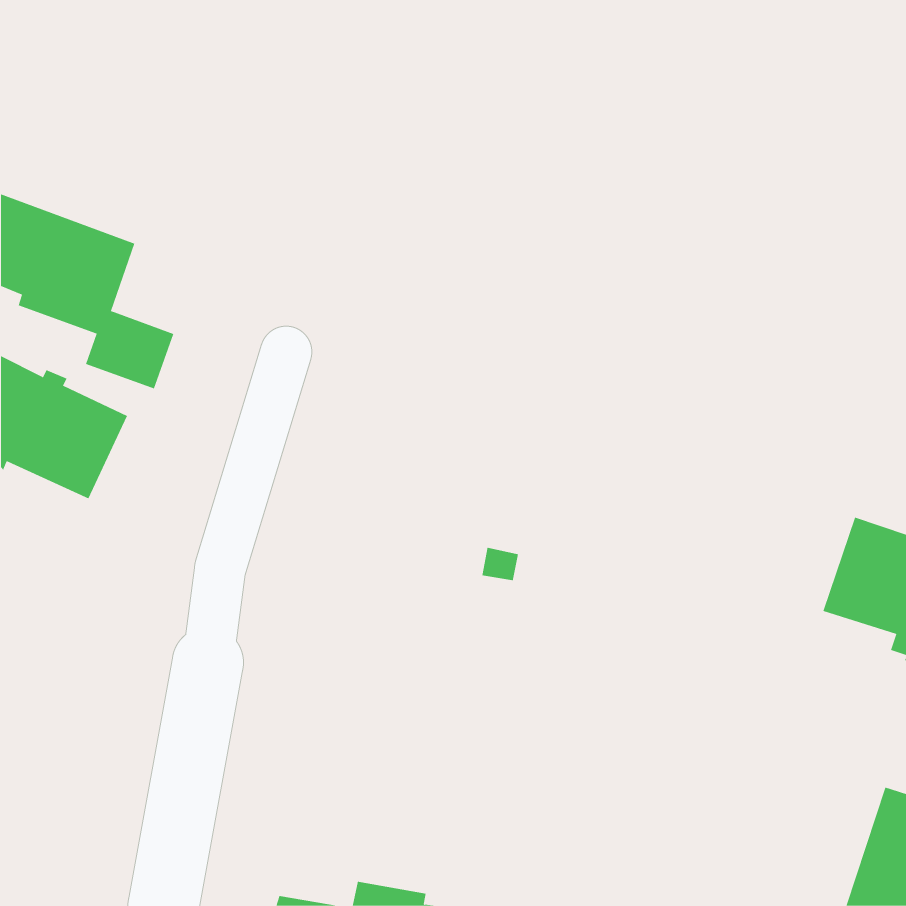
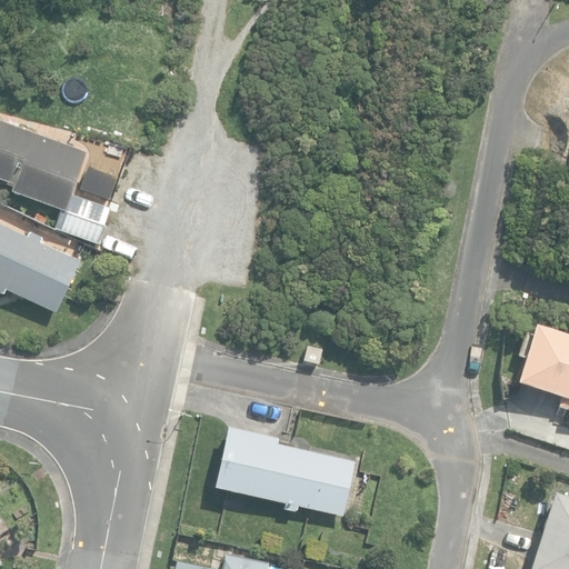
building: none -> [214,428,355,516]

